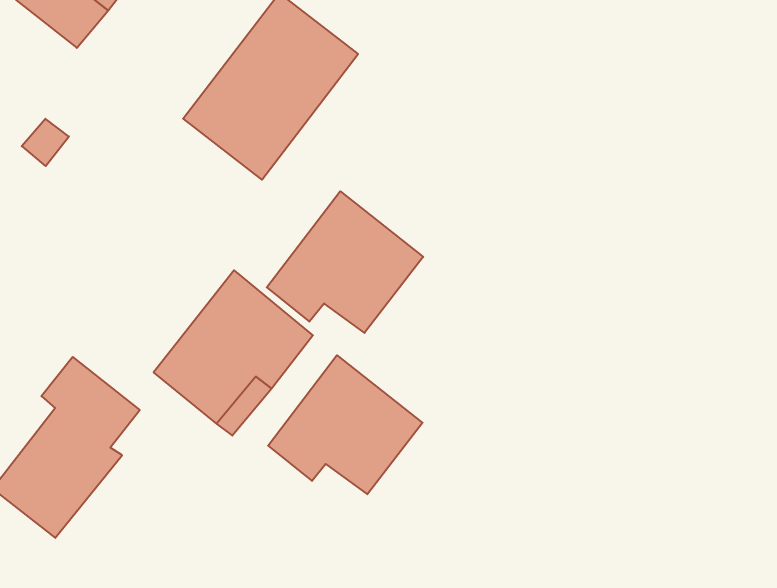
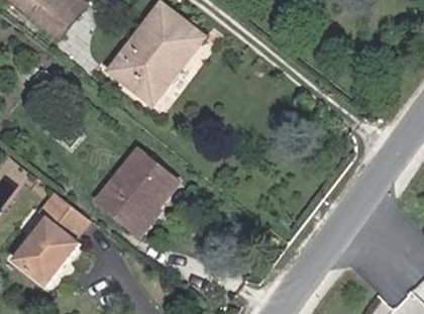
building: [267,191,423,333] -> none
building: [268,355,423,494] -> none

